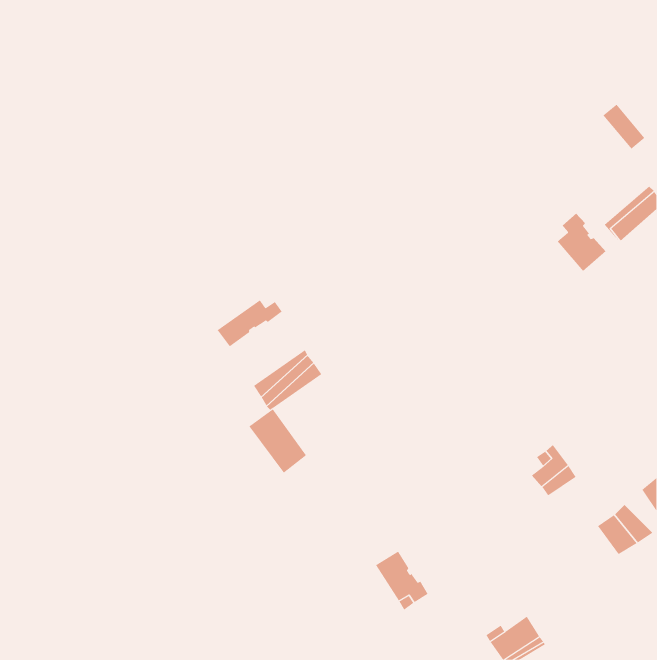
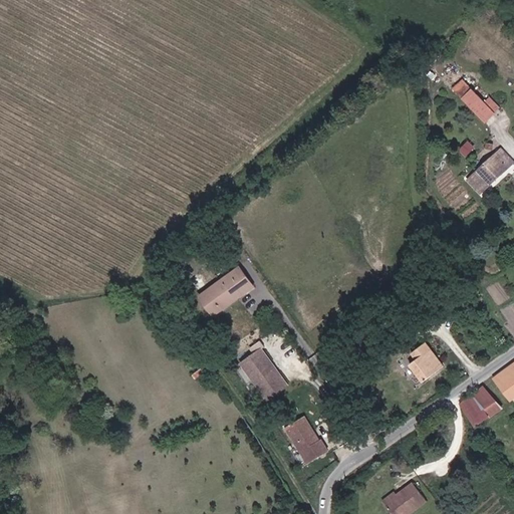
building: [557,213,606,272] -> none
building: [217,300,283,347] -> none
building: [248,408,307,473] -> [240,352,285,403]

